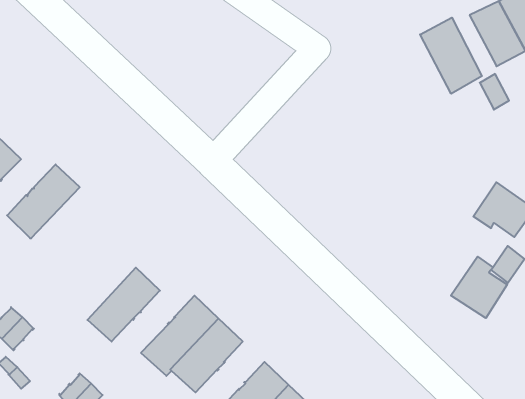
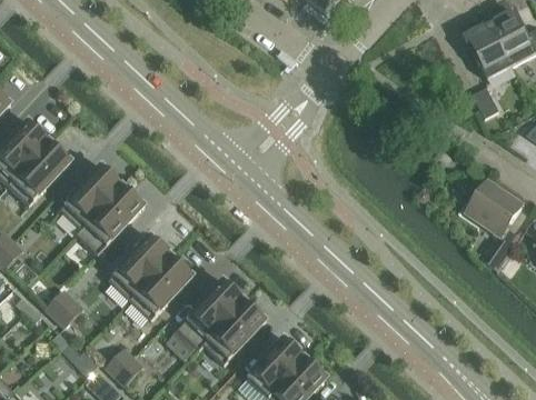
building: [420,18,482,94] -> none
building: none -> [75,186,143,256]
building: none -> [108,236,171,301]
building: [451,257,507,318] -> none

